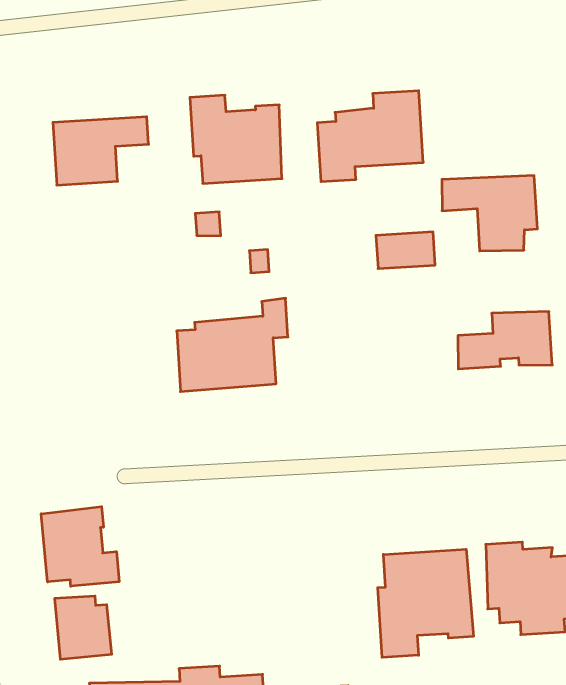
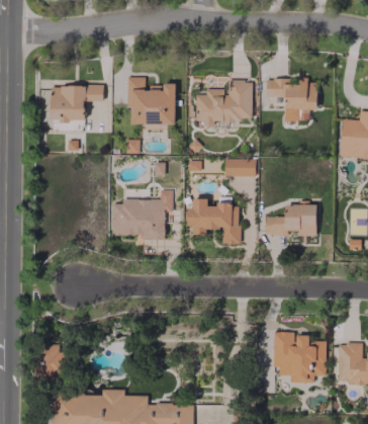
building: [442,176,537,251] -> [266,79,317,120]
building: none -> [187,197,241,244]
building: [41,507,119,586] -> none
building: [378,549,473,657] -> none

